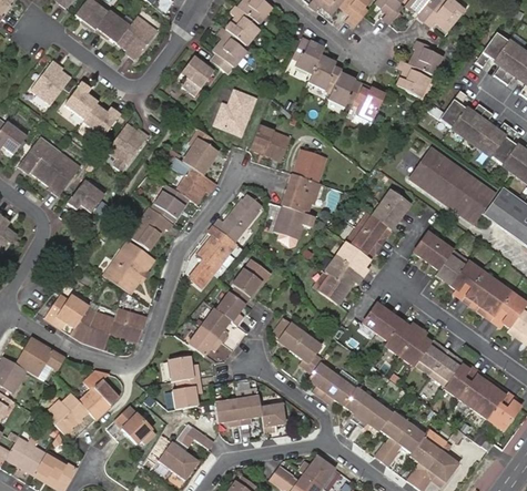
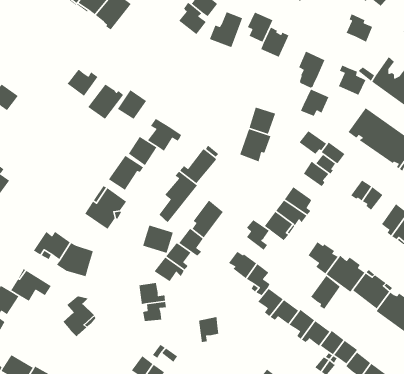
building: [179,54,212,86] -> none
building: [29,59,71,106] -> none
building: [396,60,429,96] -> [338,65,366,96]
building: [327,73,362,106] -> [300,88,329,117]
building: [64,82,98,120] -> none
building: [216,90,256,133] -> [209,11,243,48]
building: [251,125,292,158] -> none
building: [18,137,80,196] -> none
building: [184,137,220,173] -> [117,89,147,120]
building: [67,180,104,213] -> none
building: [274,205,307,239] -> none
building: [347,227,381,256] -> [299,130,327,155]
building: [435,252,467,284] -> none
building: none -> [246,219,270,251]
building: [110,307,146,341] -> [142,224,174,254]
building: none -> [310,275,341,310]
building: [44,393,87,433] -> none
building: [213,398,240,426] -> none
building: [260,401,283,430] -> none
building: [115,405,152,442] -> none

